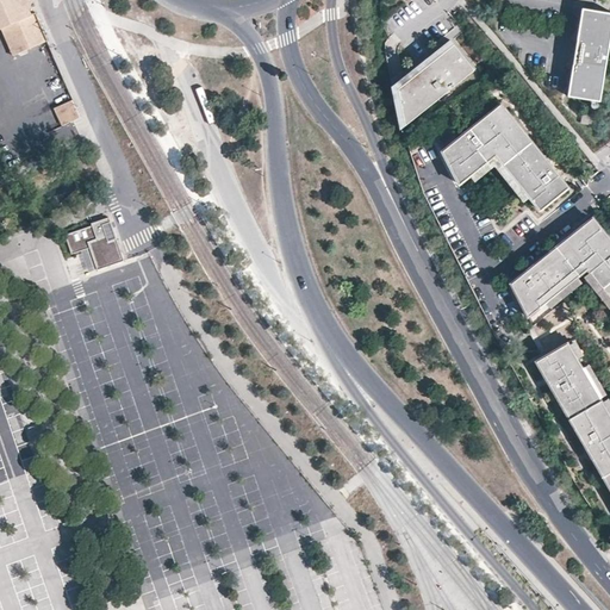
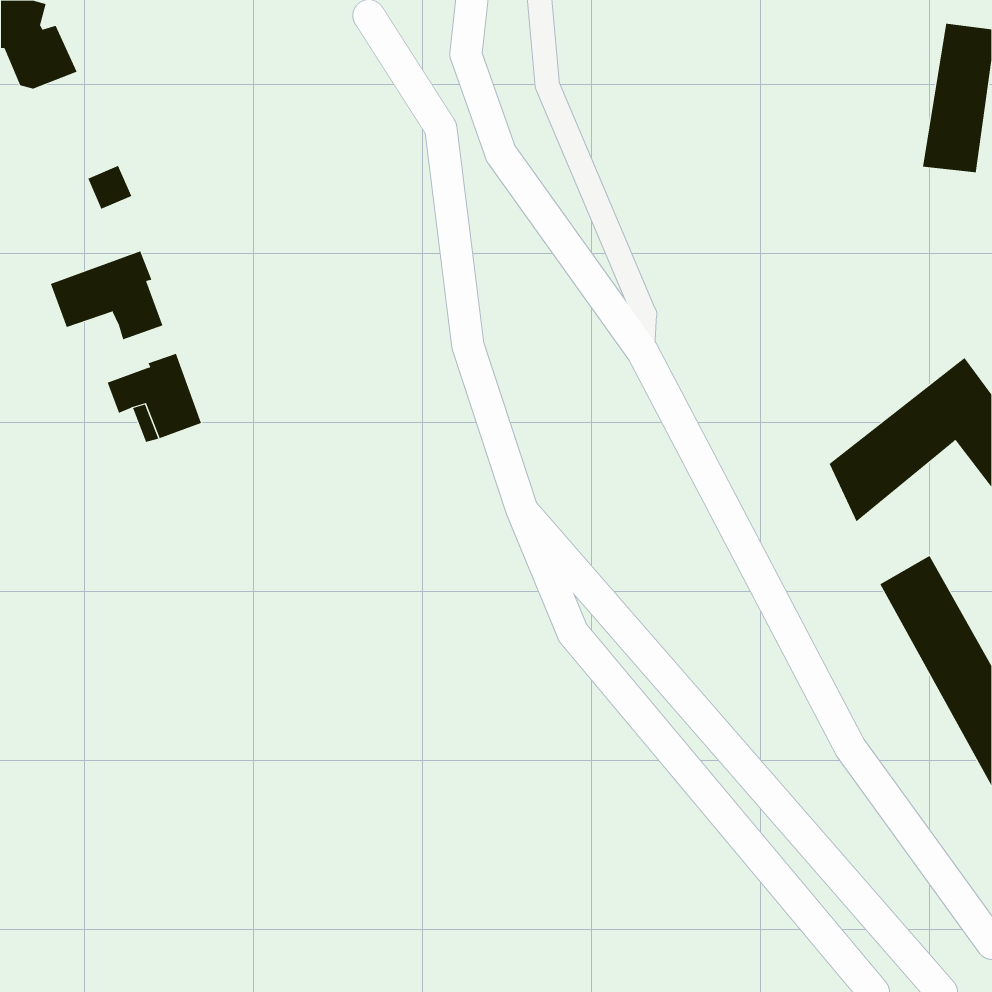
building: [391,41,473,131] -> none
building: [438,104,565,213] -> none
building: none -> [50,250,163,340]

